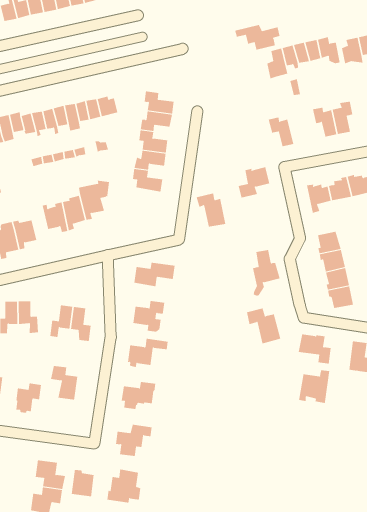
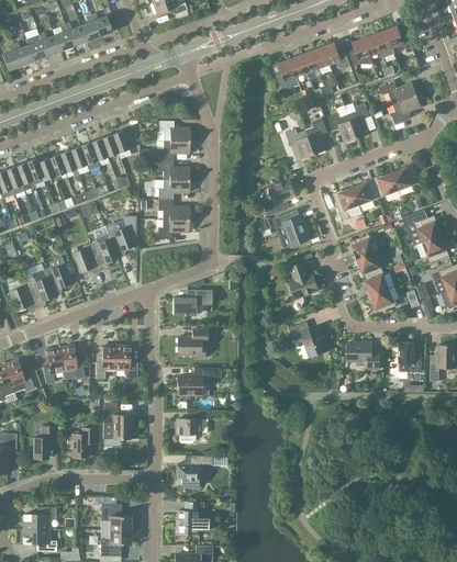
building: [235,24,280,50] -> none
building: none -> [305,119,328,154]
building: none -> [158,218,189,239]
building: [196,193,226,227] -> [276,211,310,246]
building: [299,369,330,404] -> none
building: [71,469,94,497] -> none

